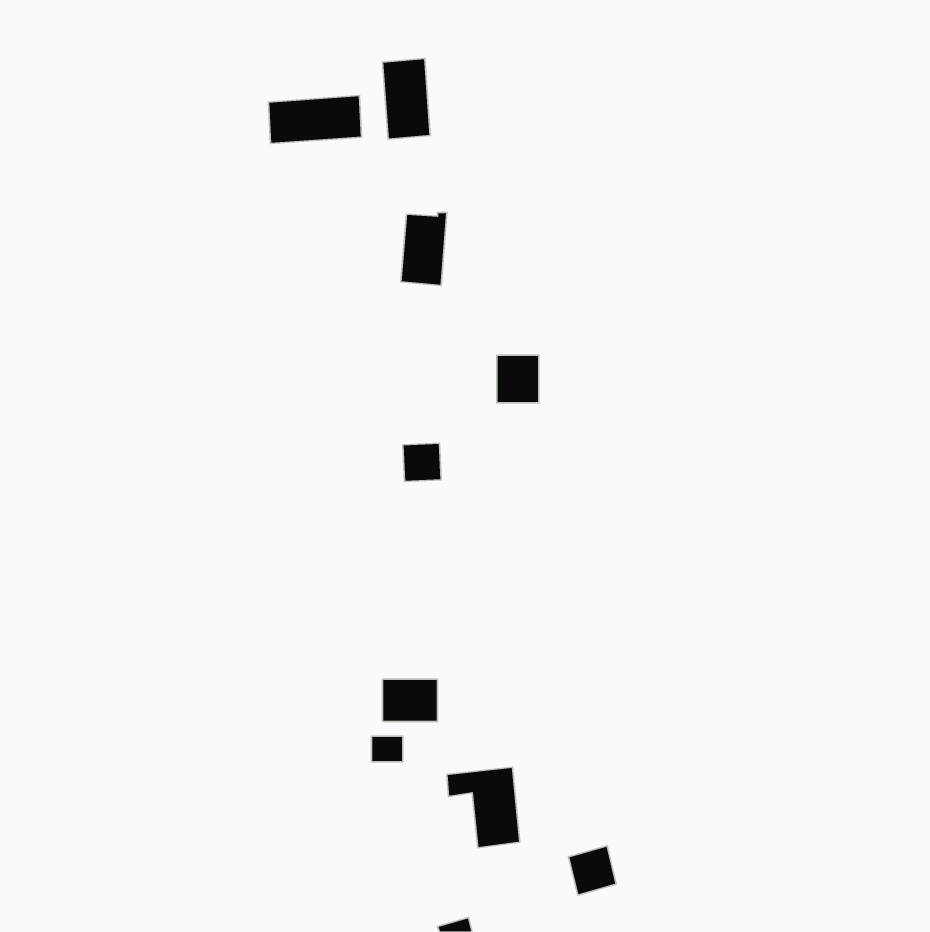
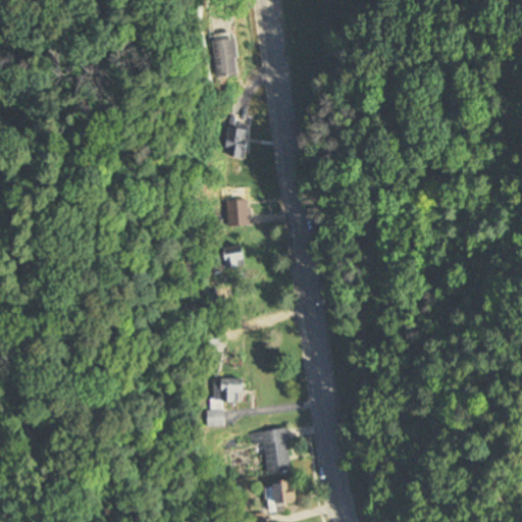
building: [268,96,362,144] -> none
building: [497,355,539,403] -> [225,200,249,226]
building: [569,846,616,895] -> [270,477,297,505]

